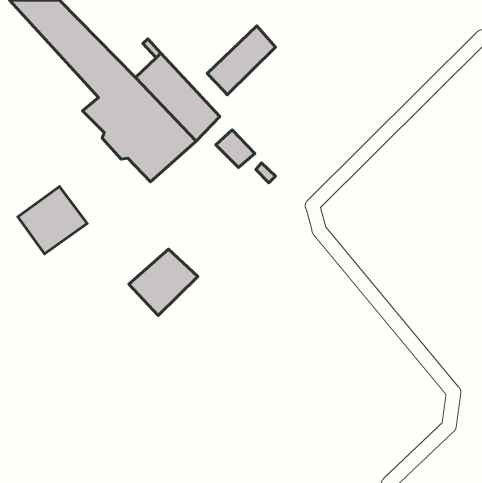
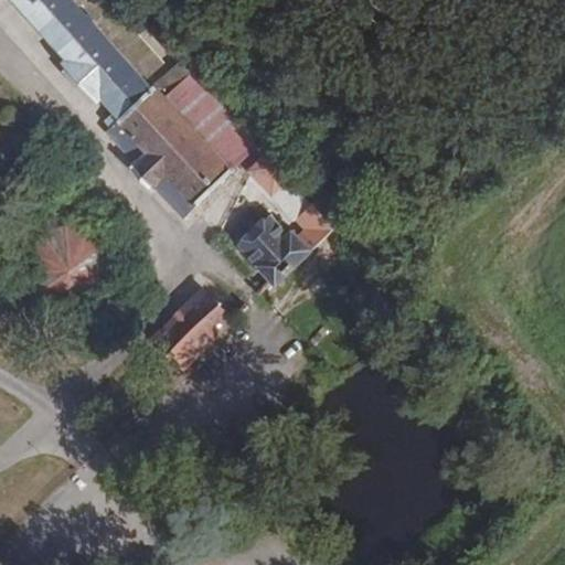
building: [207,26,275,95] -> none
building: none -> [242,213,334,279]

